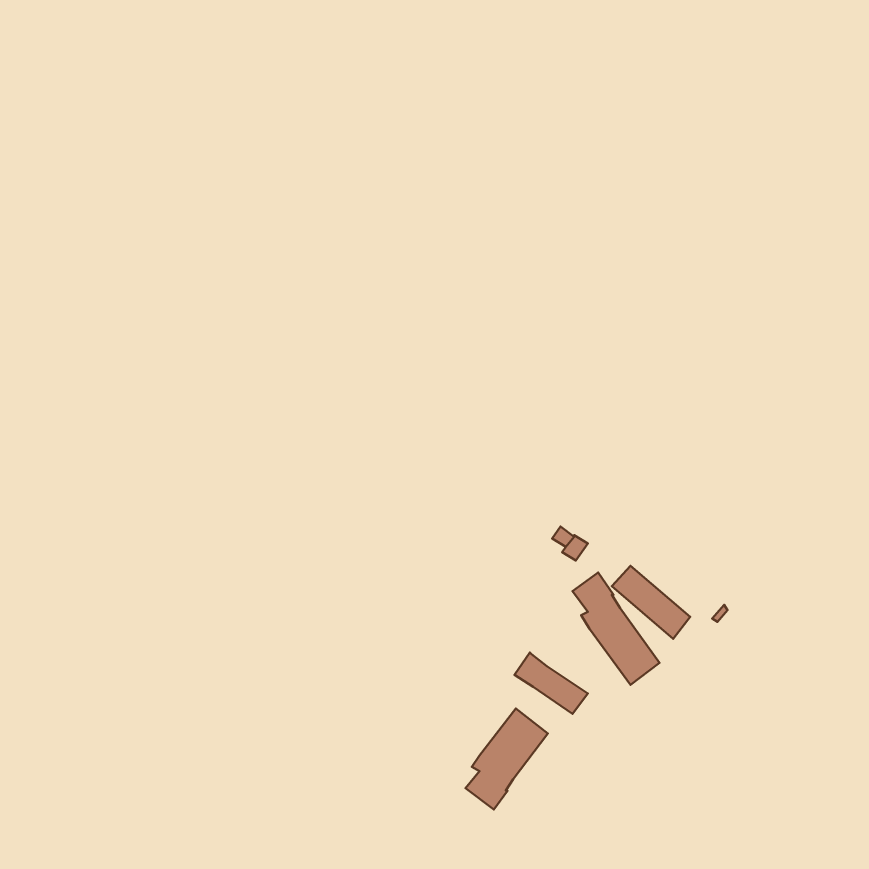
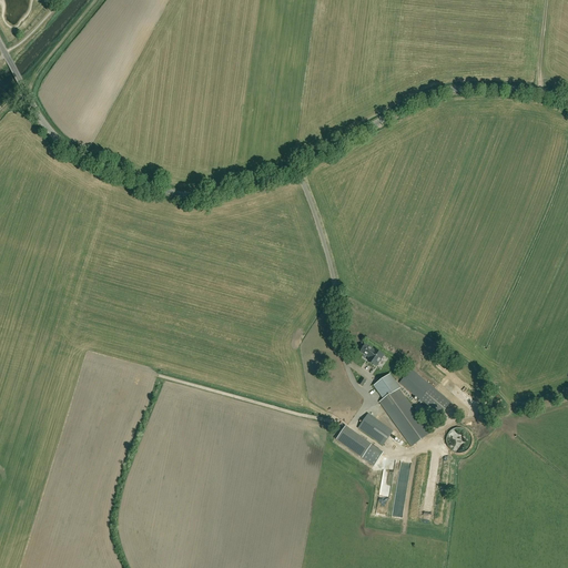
building: none -> [357,413,392,444]
building: [466,709,548,809] -> none

